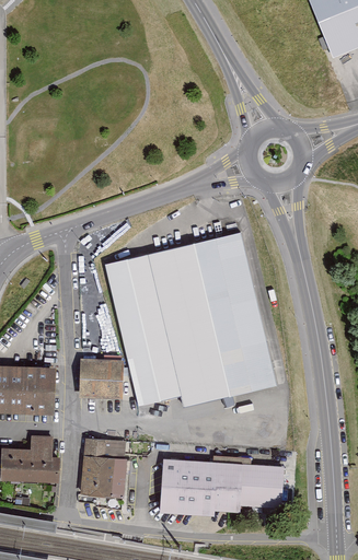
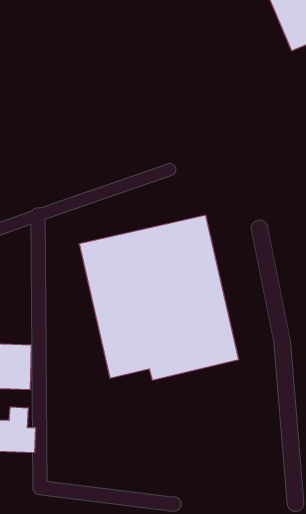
building: [79,359,122,397] -> none
building: [81,439,129,497] -> none
building: [160,458,280,516] -> none

